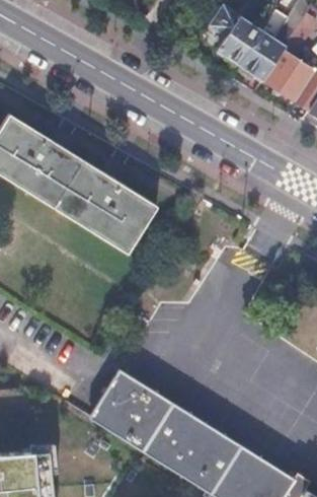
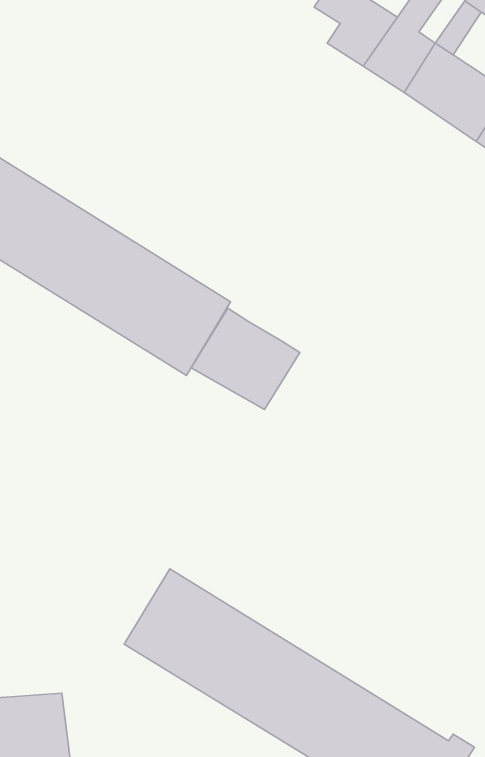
building: none -> [191,308,300,410]

